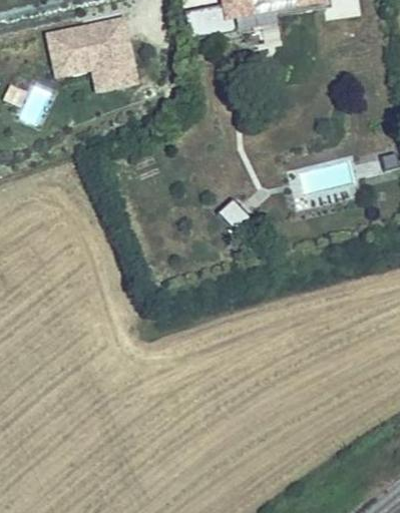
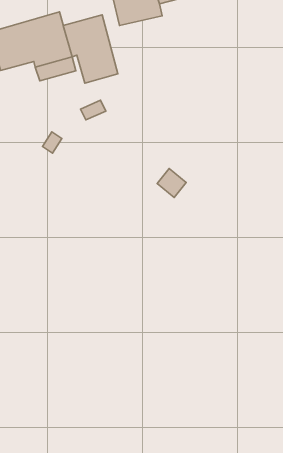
building: none -> [63,15,118,83]

